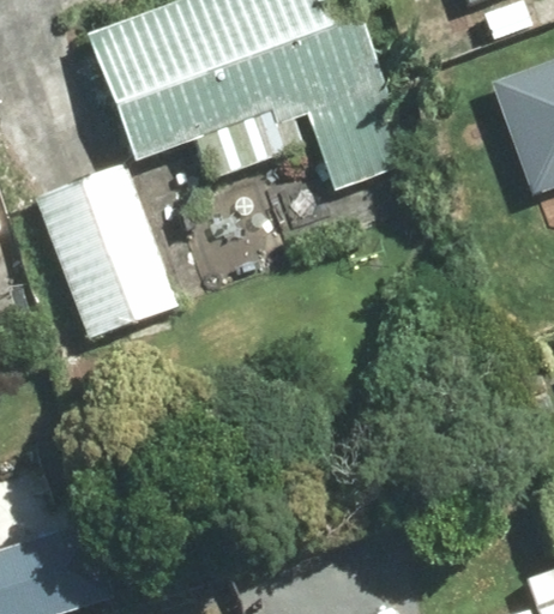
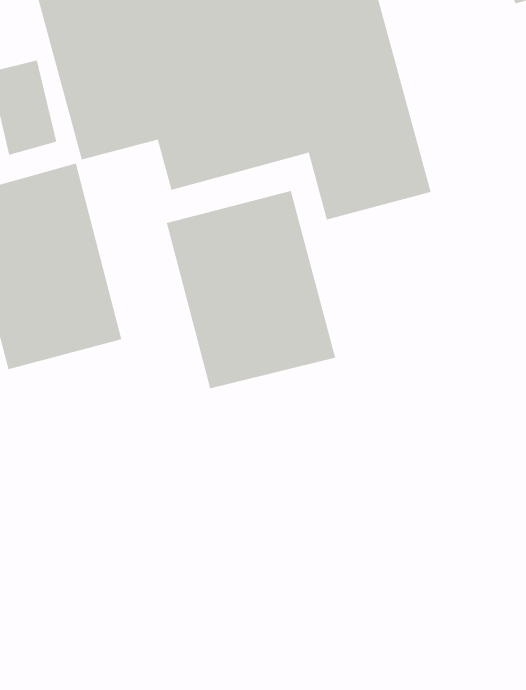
building: none -> [166,190,336,389]

